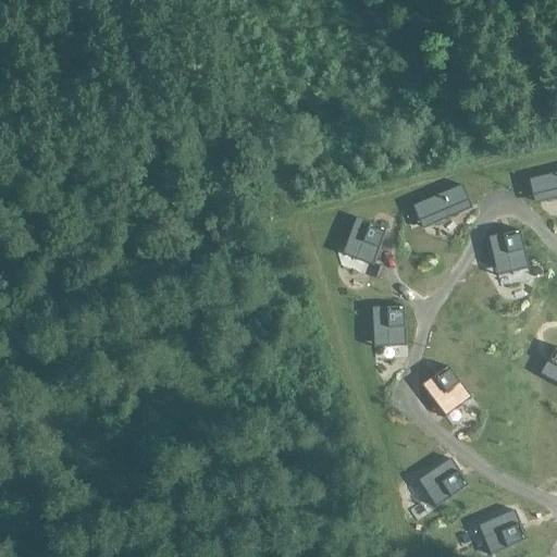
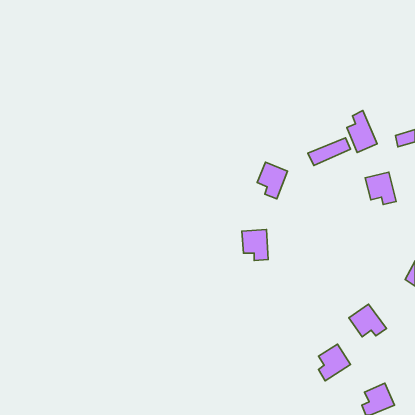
building: none -> [347,110,377,152]
building: [370,306,405,347] -> [242,229,268,260]
building: [421,367,471,410] -> [349,304,387,337]

